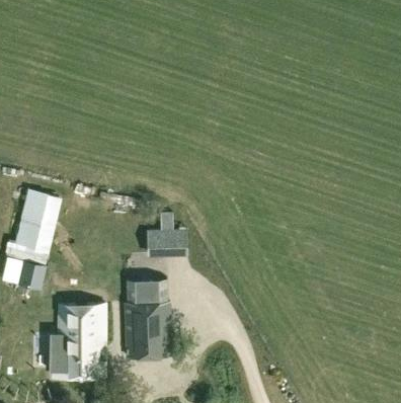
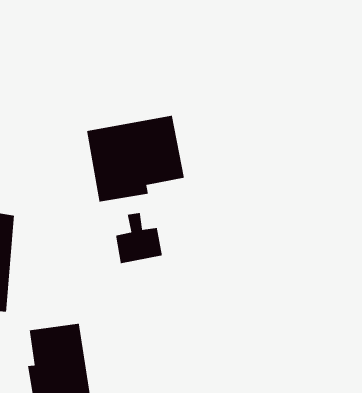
building: none -> [86,115,185,203]
building: [126,277,172,355] -> none

